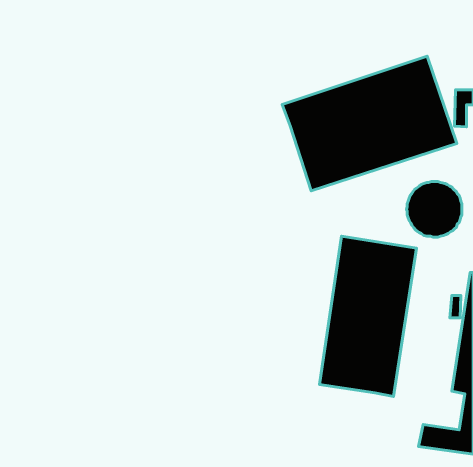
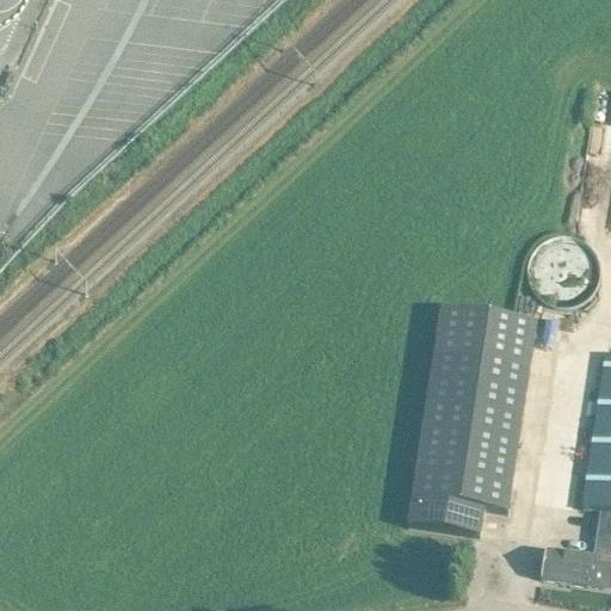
building: [282,56,457,191] -> none
building: none -> [407,495,483,533]

